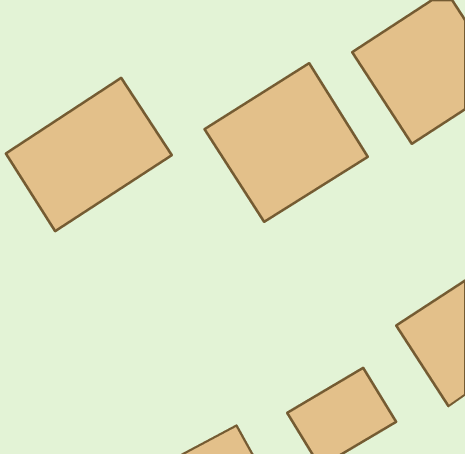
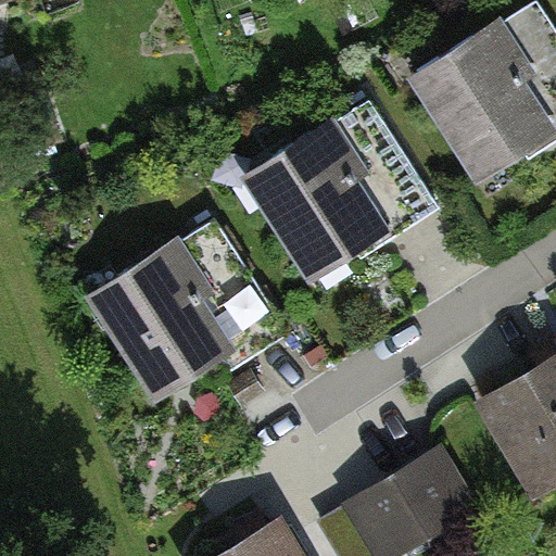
building: [6,78,172,231] -> none
building: none -> [80,233,254,404]

